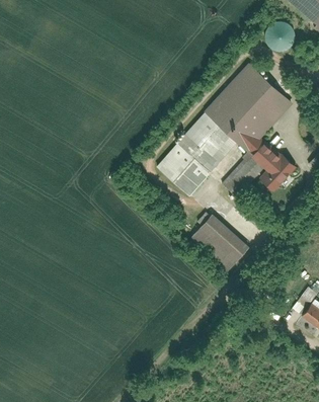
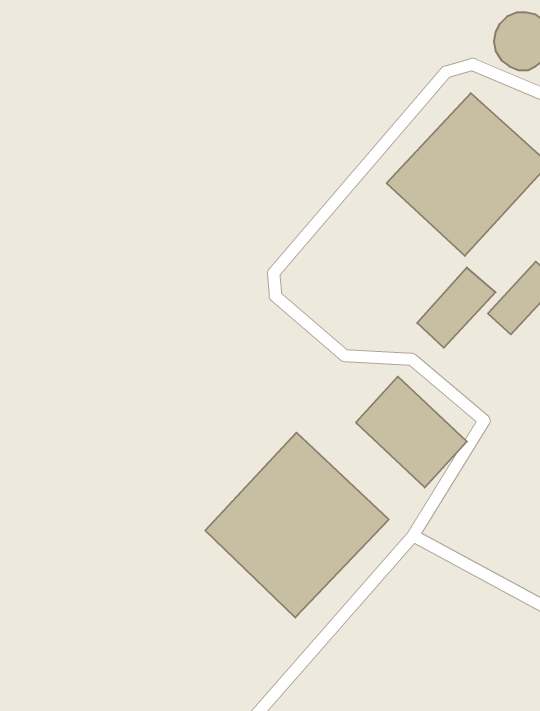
building: [157,112,239,195] -> none
building: [252,141,282,169] -> none
building: none -> [205,433,389,618]

